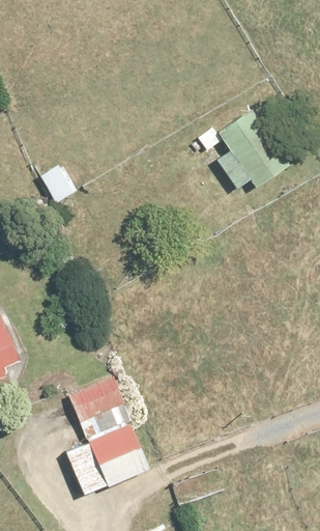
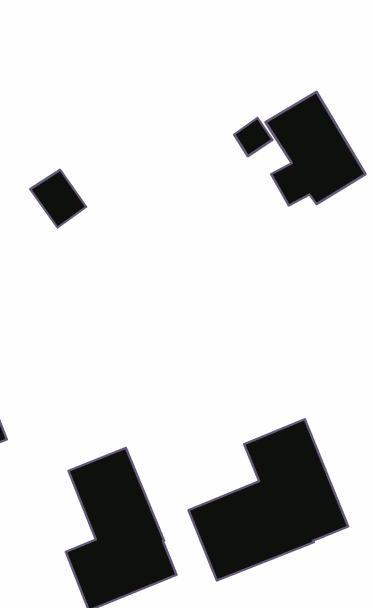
building: none -> [188,419,348,581]

